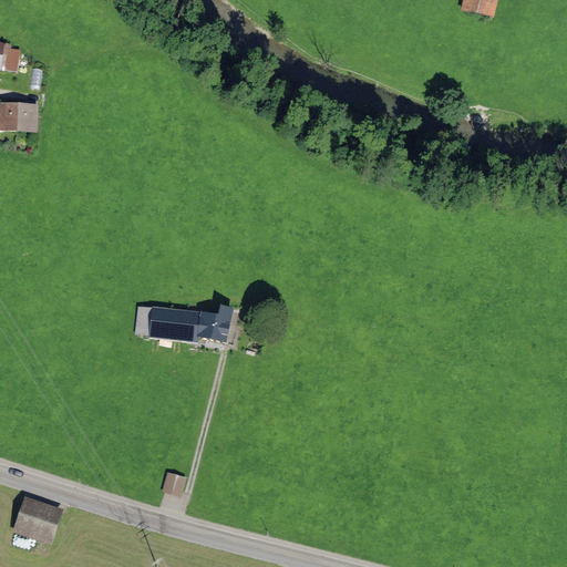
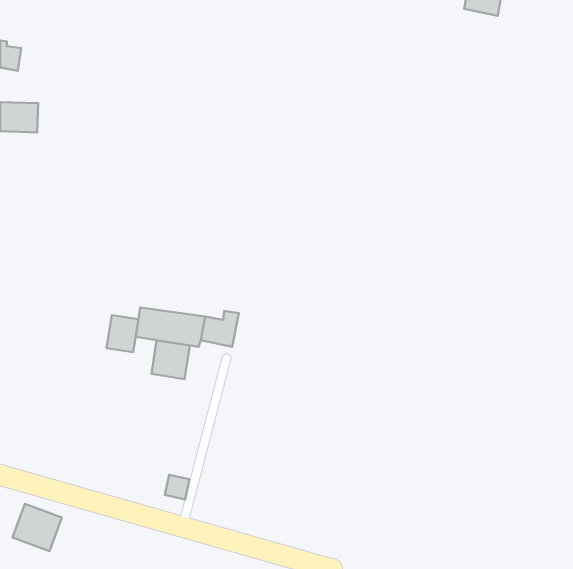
building: none -> [107,315,138,352]
building: none -> [151,340,190,379]

